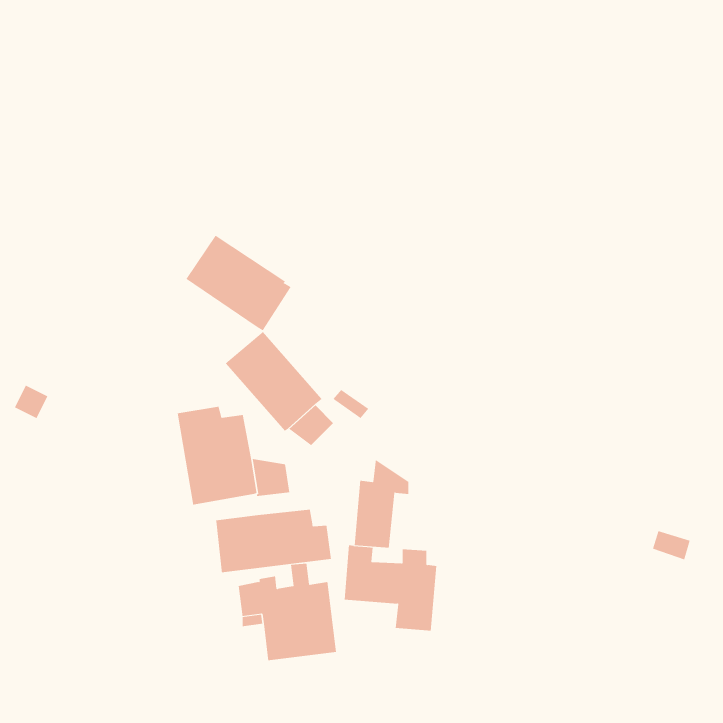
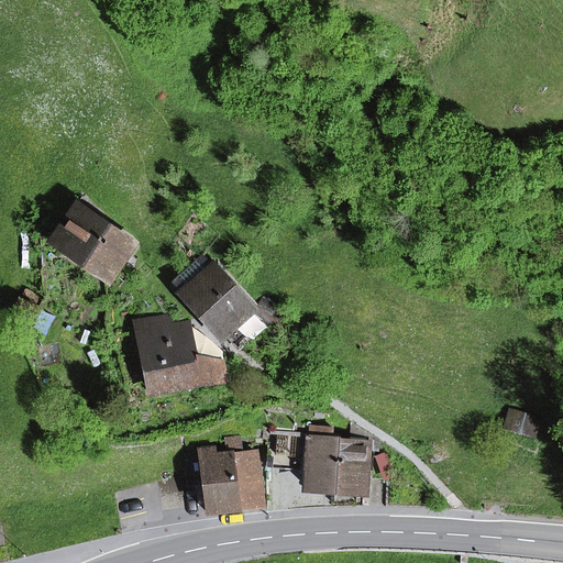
building: [185,235,291,331] -> [52,205,134,279]
building: [354,459,409,548] -> [335,423,378,493]
building: [215,509,331,573] -> none

